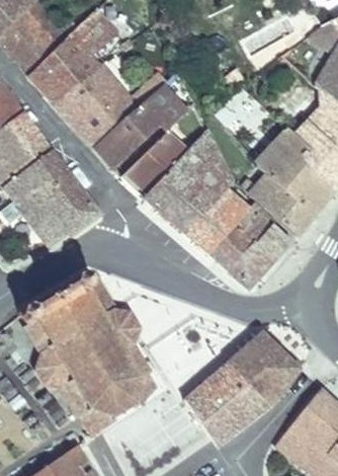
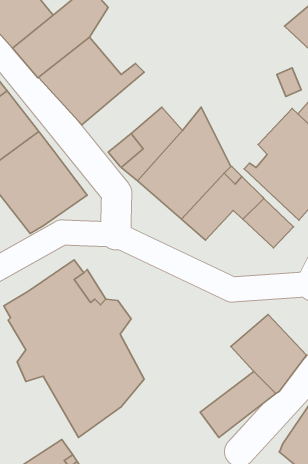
building: [96,79,195,169] -> none
building: [210,228,273,288] -> none
building: [189,353,255,414] -> none

